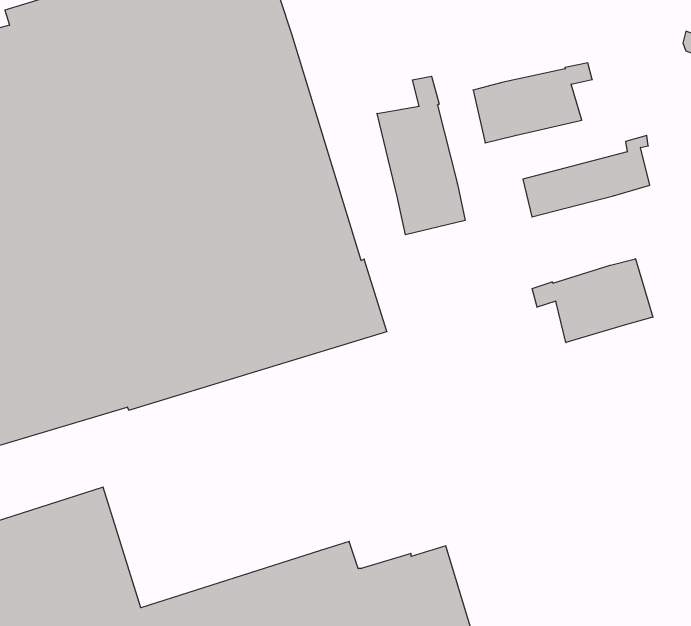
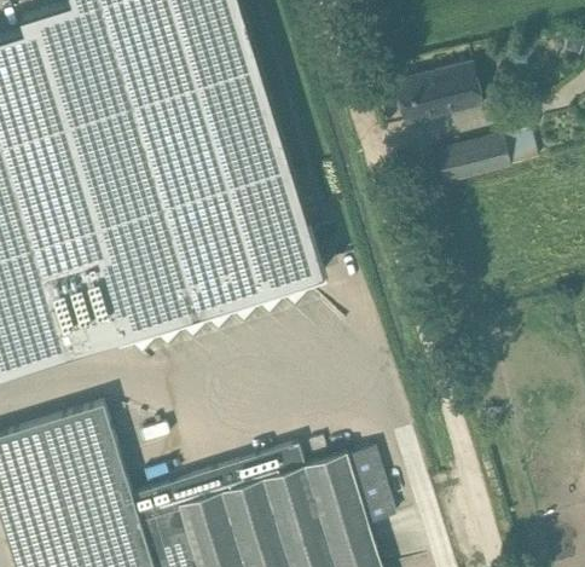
building: [377,76,465,235] -> none
building: [532,259,653,343] -> none

